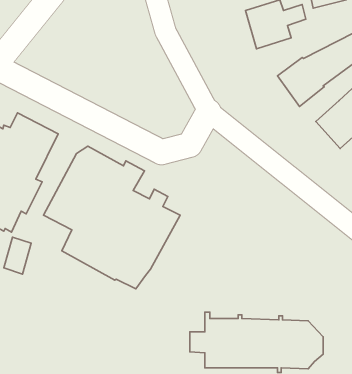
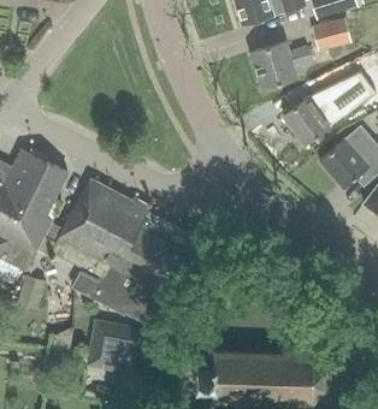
building: none -> [85,319,147,375]

